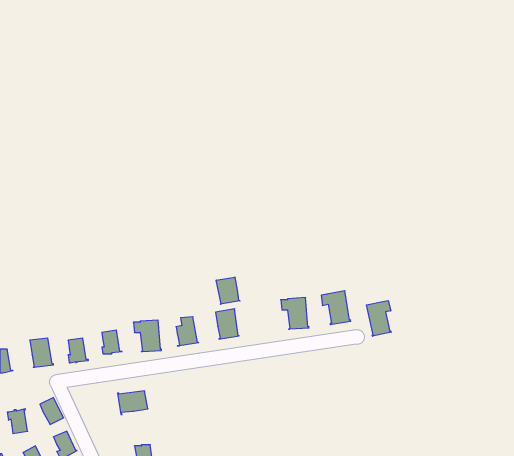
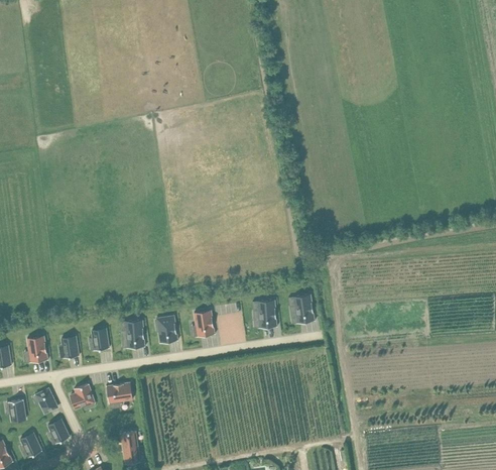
building: [216,277,240,304] -> none
building: [366,301,391,336] -> none
building: none -> [71,383,94,408]

